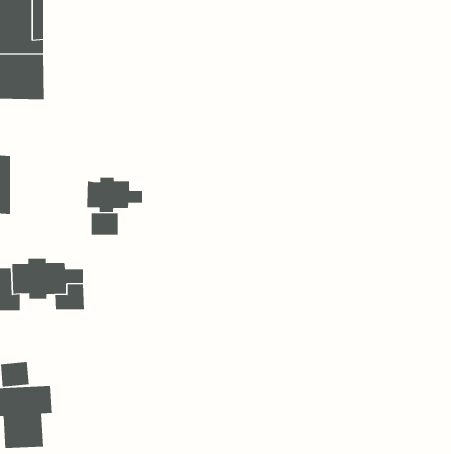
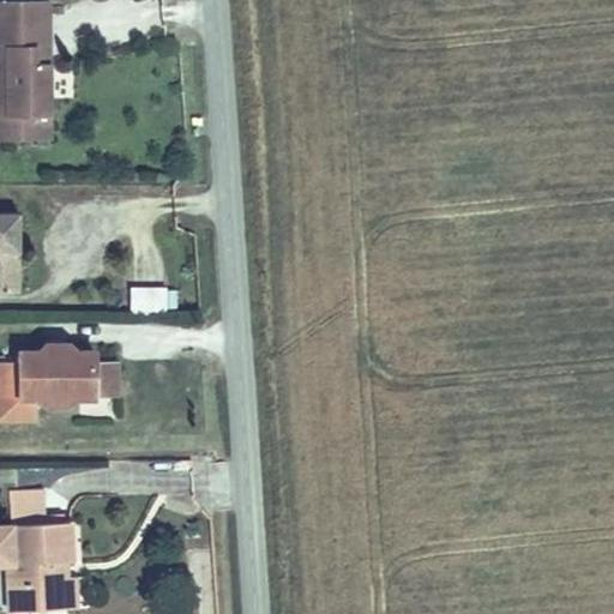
building: [87,177,143,213] -> none

